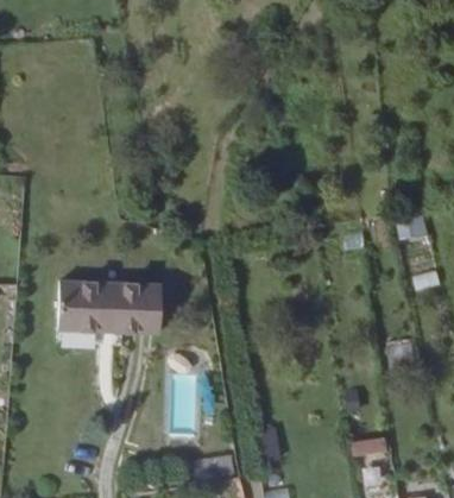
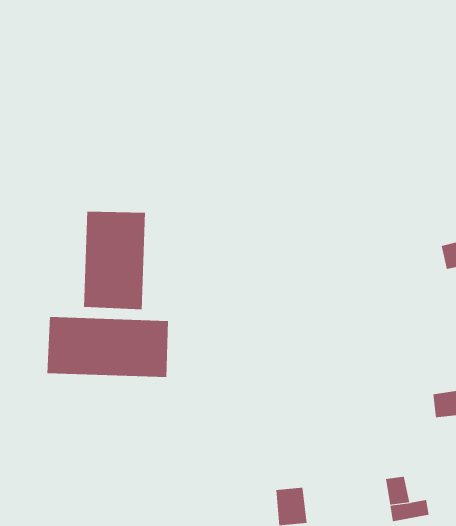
building: none -> [83,211,145,310]

